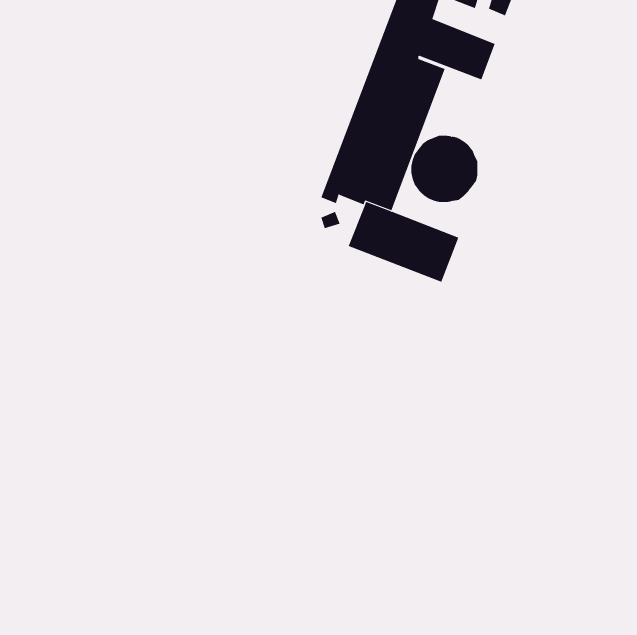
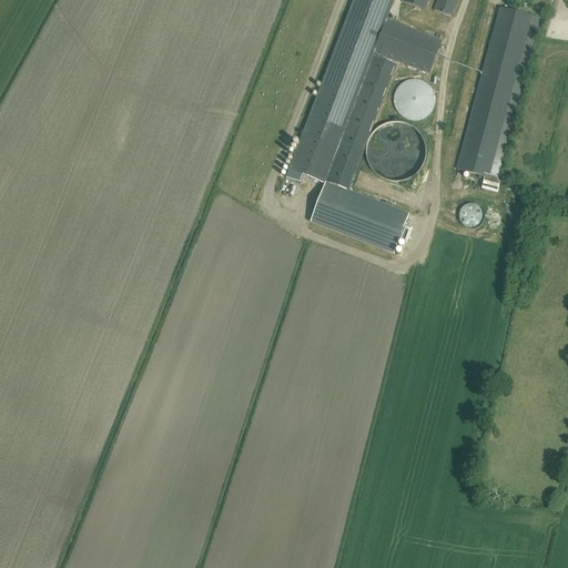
building: none -> [456,6,538,184]
building: none -> [392,77,433,118]

